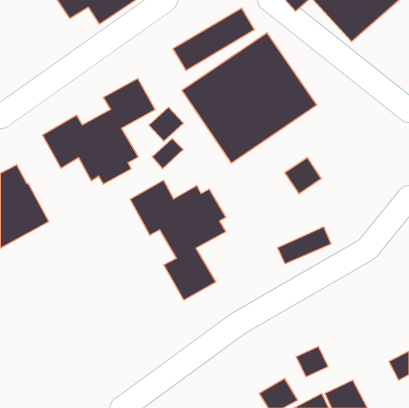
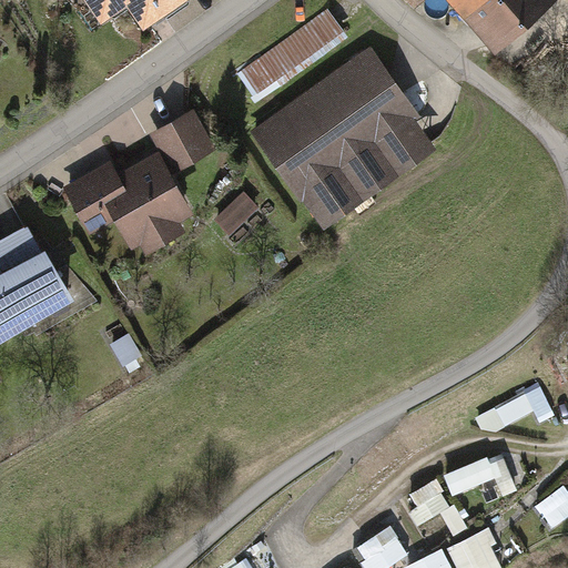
building: [149,107,184,141] -> none
building: [285,157,321,194] -> none
building: [130,180,226,300] -> none
building: [277,227,331,264] -> [478,384,552,435]
building: none -> [448,456,519,500]

